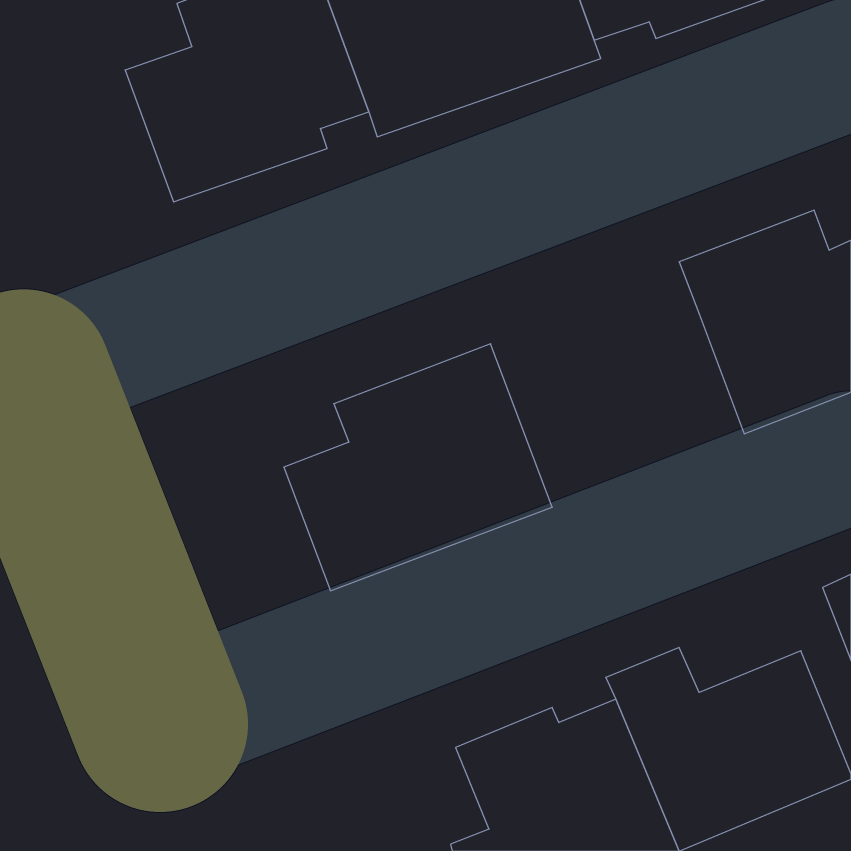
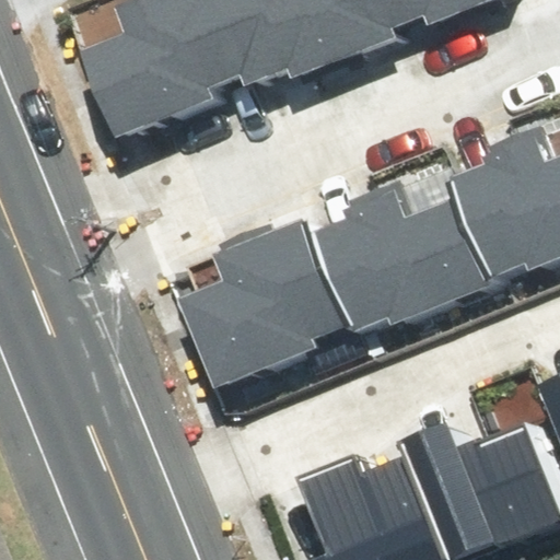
building: none -> [322,184,488,332]

